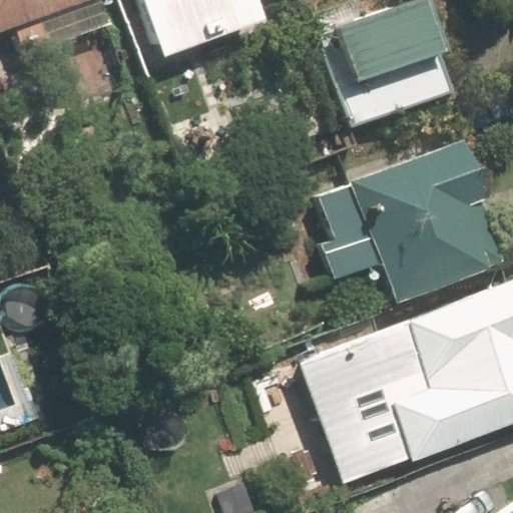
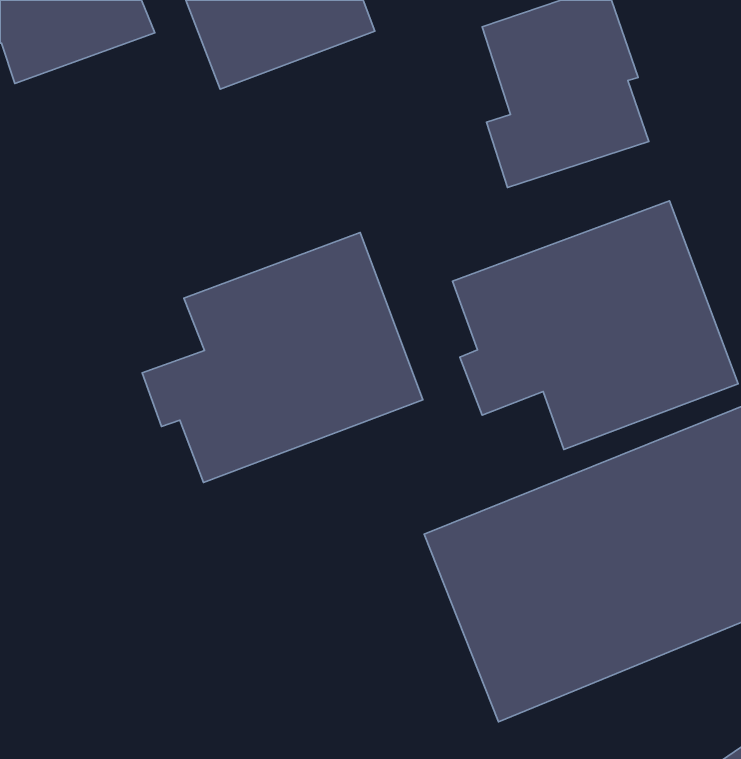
building: none -> [142,232,423,483]

